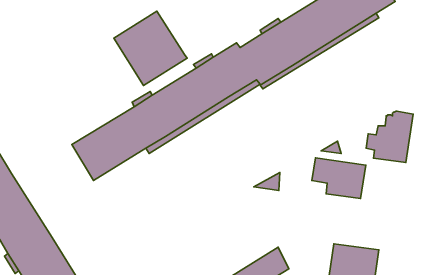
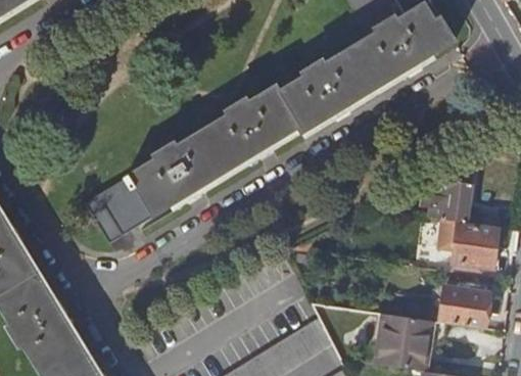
building: [114,11,187,85] -> none
building: [312,158,366,198] -> [436,222,498,268]
building: none -> [439,286,488,328]

